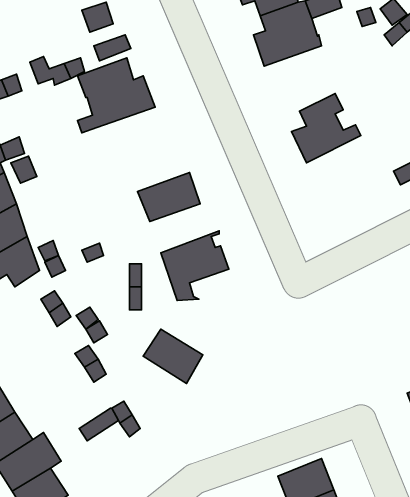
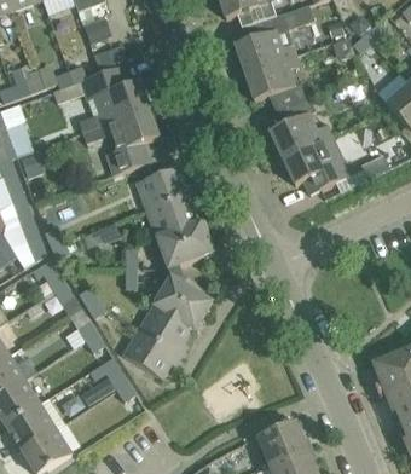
building: none -> [245,53,308,111]
building: none -> [83,108,158,172]
building: none -> [283,133,351,192]
building: none -> [144,193,198,237]
building: none -> [154,278,212,331]
building: none -> [123,329,176,377]

